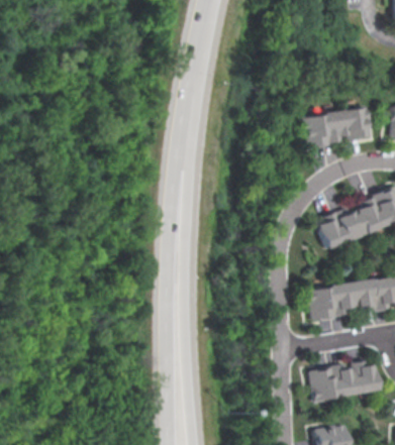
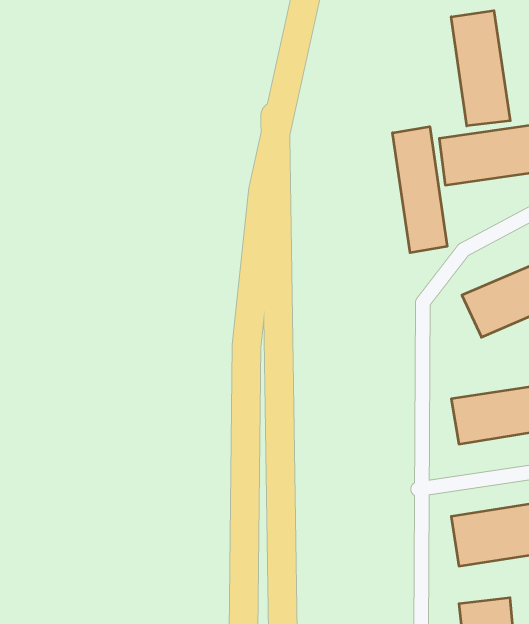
building: none -> [451,11,510,126]
building: none -> [393,127,447,253]

